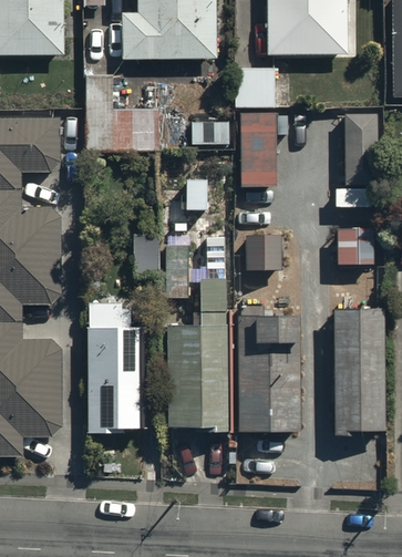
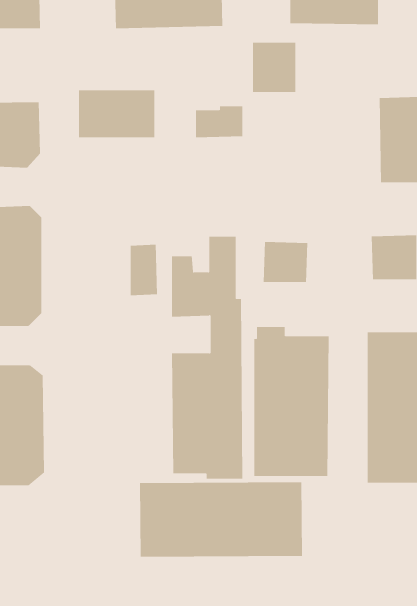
building: [241,112,276,183] -> none
building: [84,303,141,433] -> none
building: none -> [139,481,302,558]

